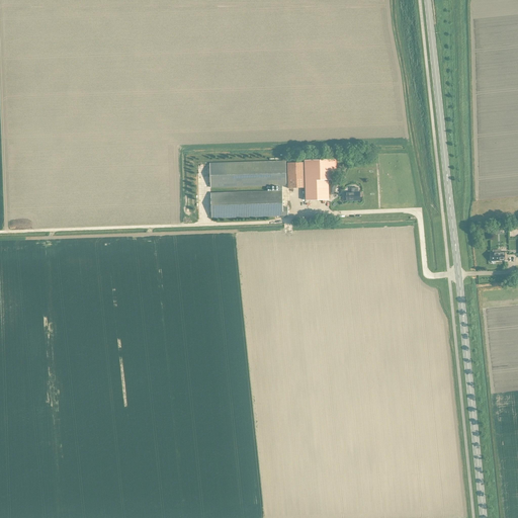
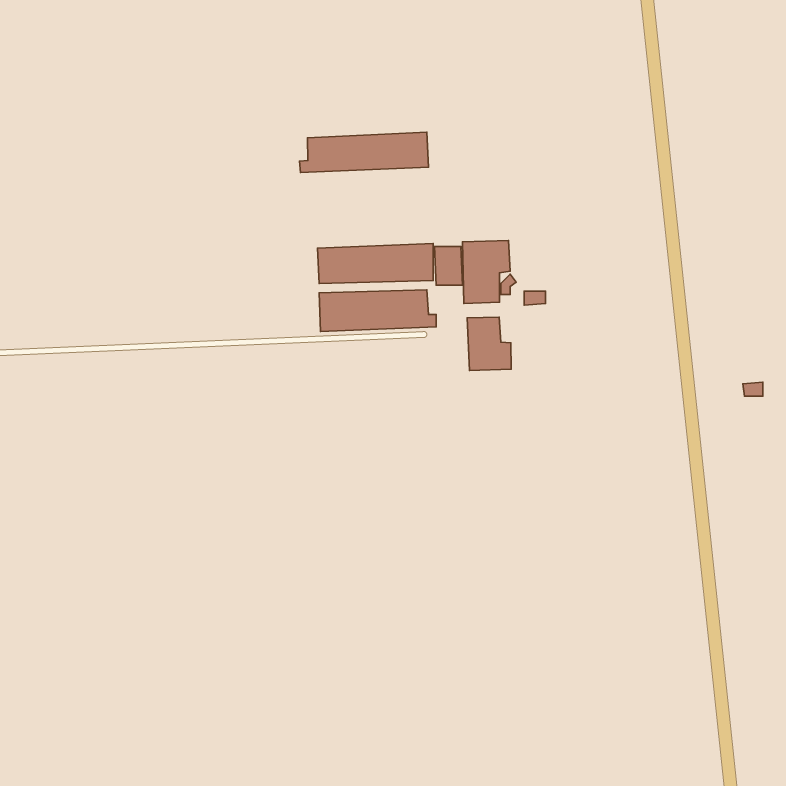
building: none -> [299,132,428,172]
building: none -> [467,317,511,370]

